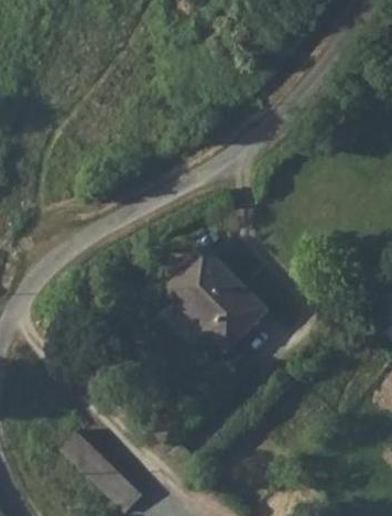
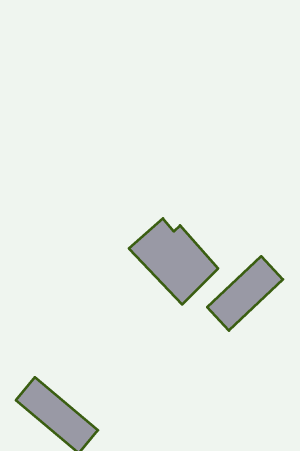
building: none -> [207,256,283,331]

